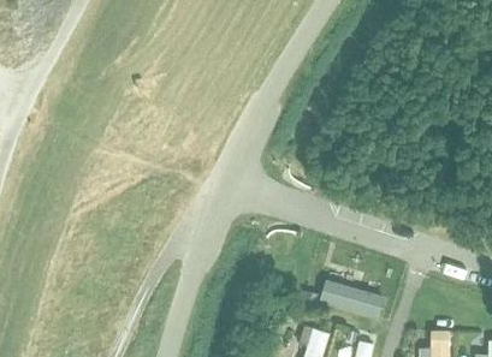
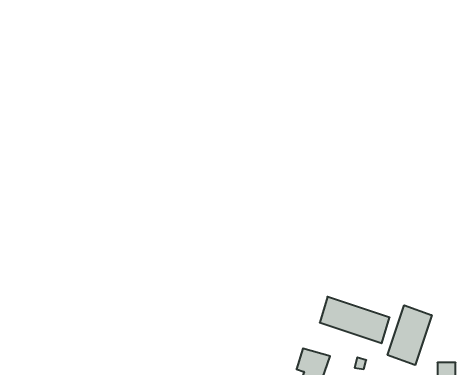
building: none -> [388,305,432,365]

